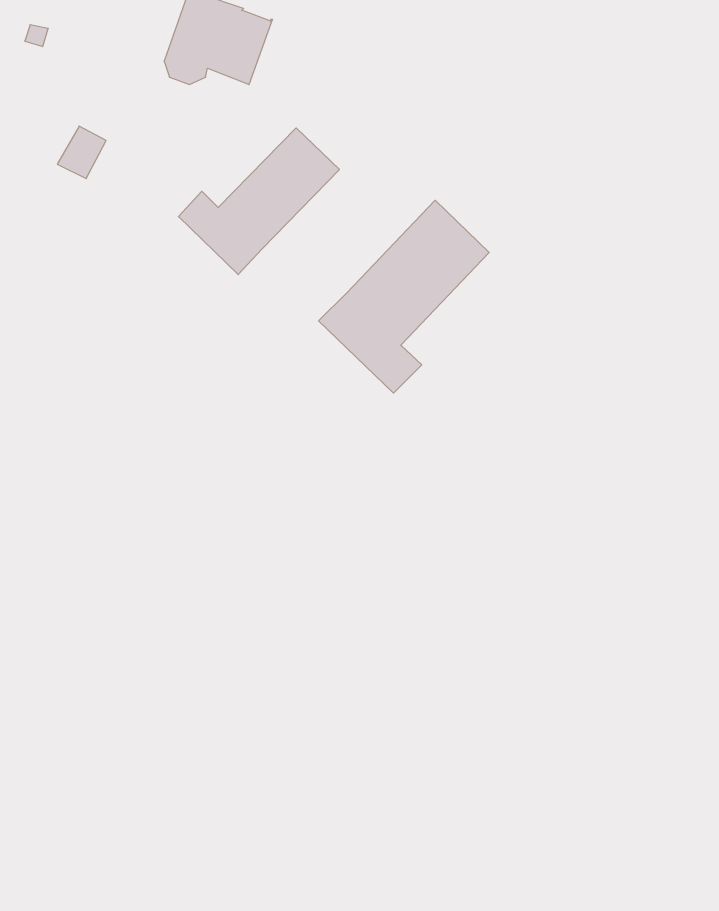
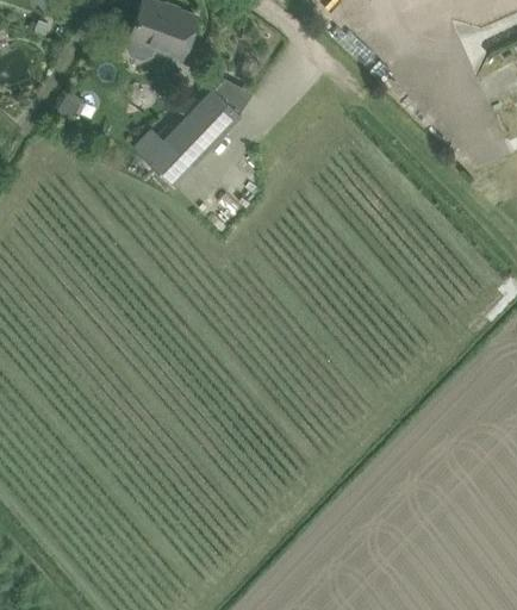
building: [319,200,489,393] -> none

